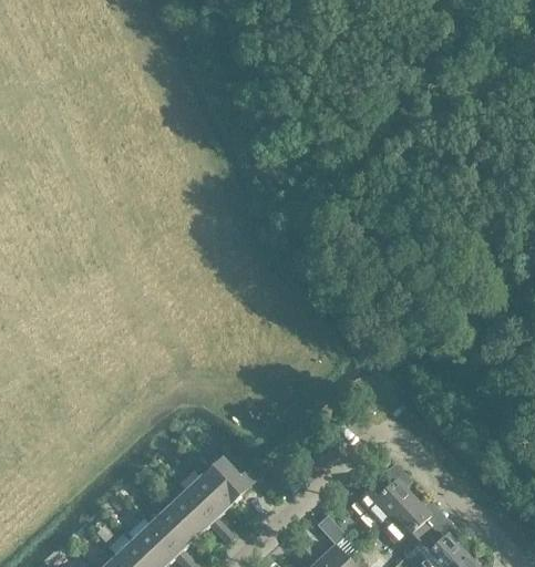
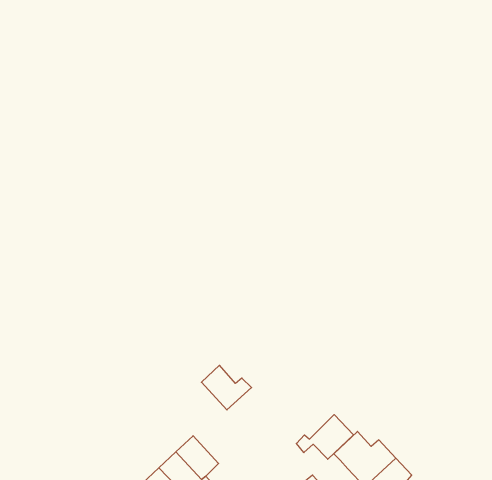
building: none -> [296,415,354,459]
building: [204,456,256,503] -> [201,365,252,410]

